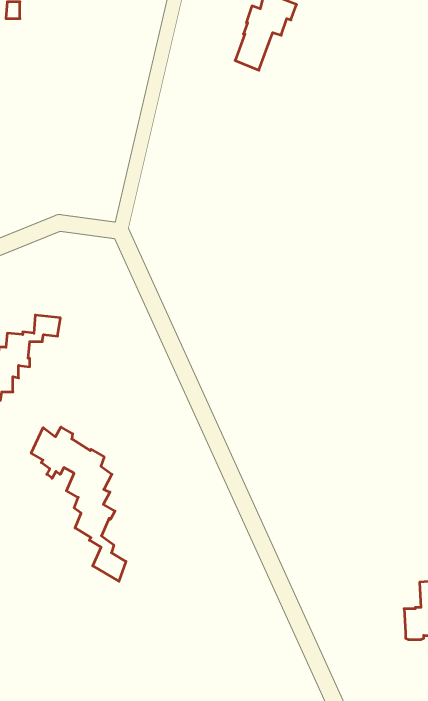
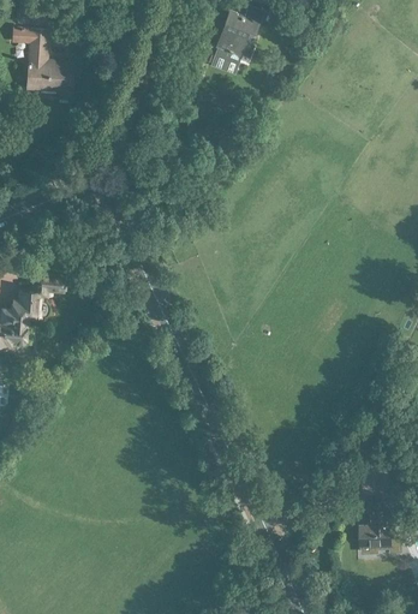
building: none -> [24,30,72,101]
building: [31,427,126,581] -> none

